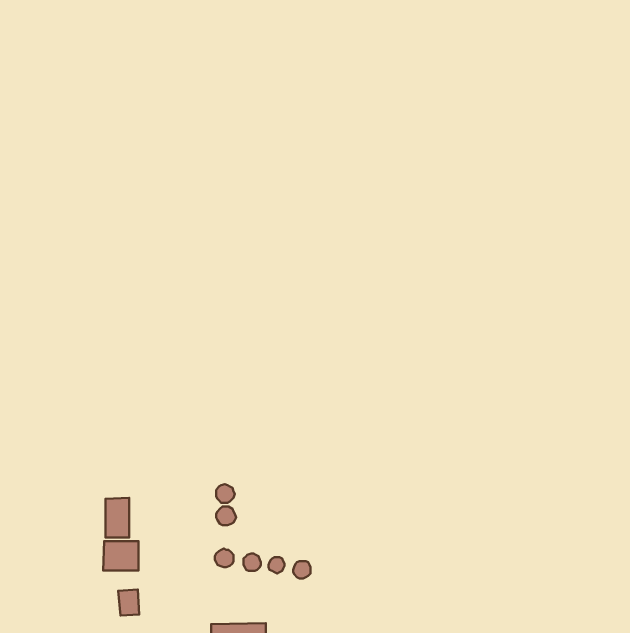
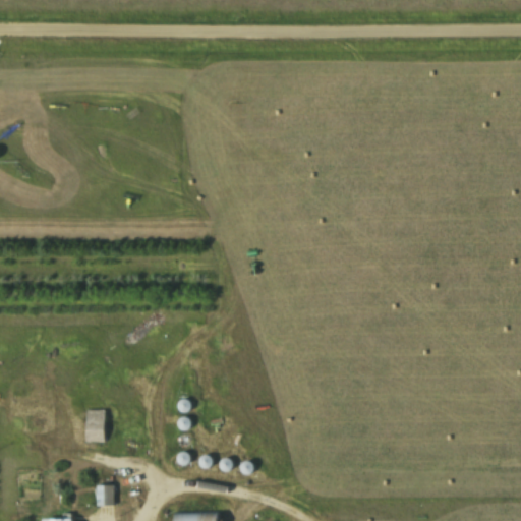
building: [103,541,139,570] -> none

